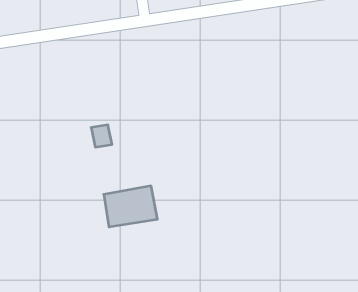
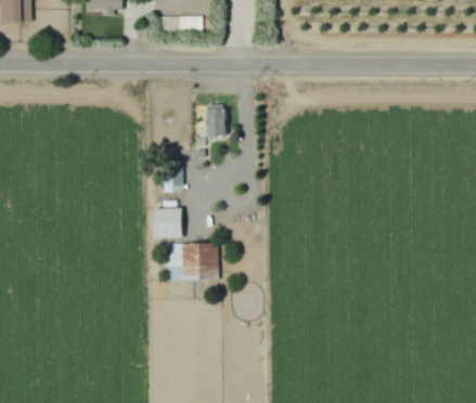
building: none -> [206,103,226,135]
building: none -> [153,207,181,237]

